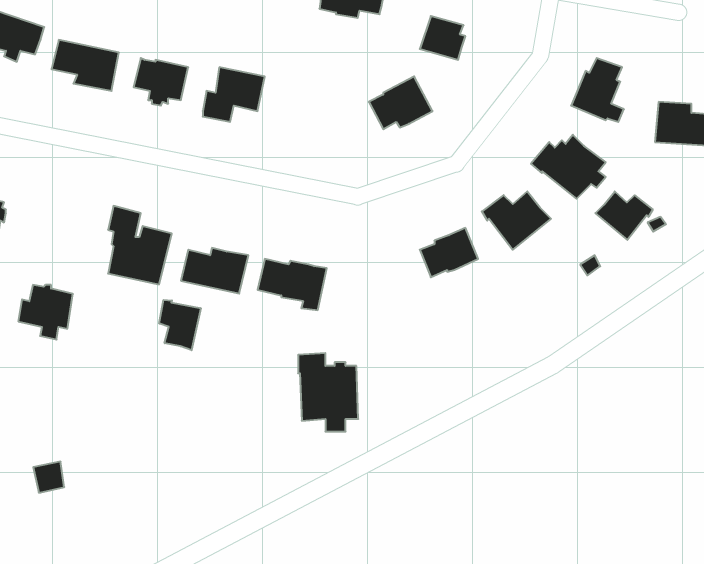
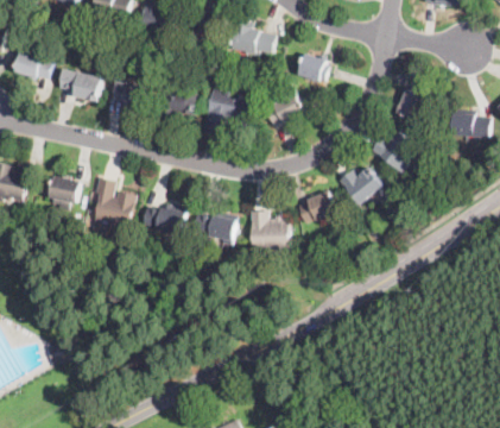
building: none -> [202,88,249,133]
building: [595,191,653,240] -> none
building: [18,285,73,340] -> [43,175,78,210]
building: [159,300,201,350] -> none
building: [298,353,358,432] -> [249,209,289,260]

